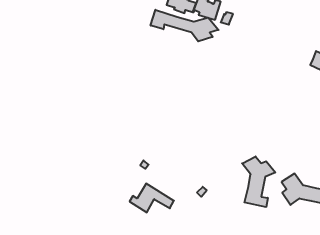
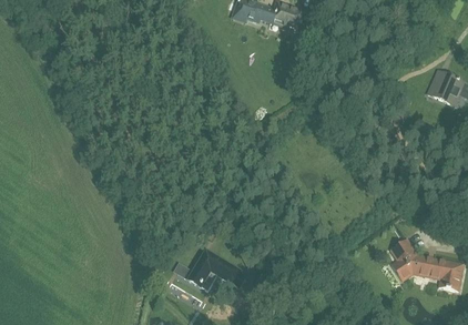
building: [151,10,219,41] -> none
building: [242,156,275,207] -> none

